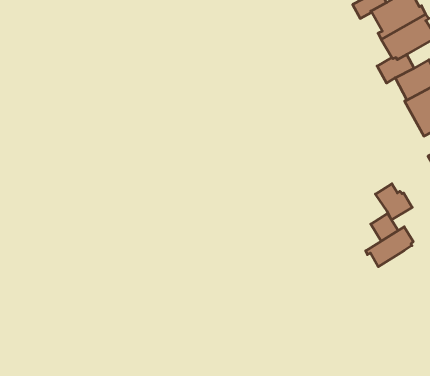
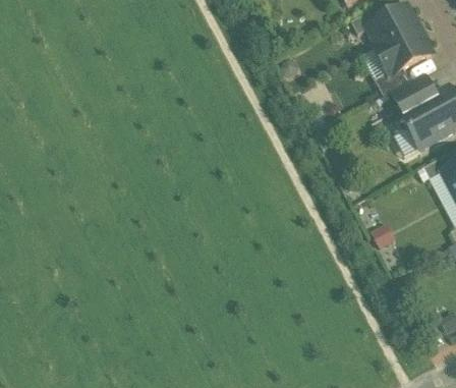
building: [375,184,412,220] -> none
building: [366,227,413,267] -> none

